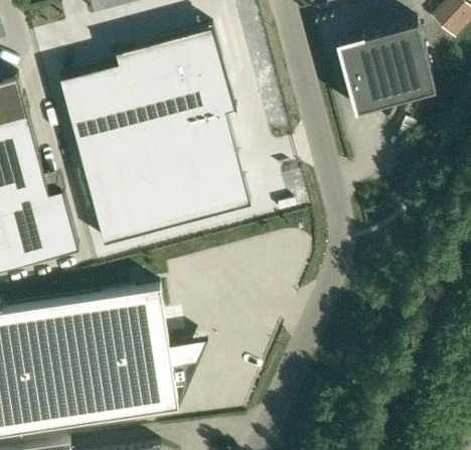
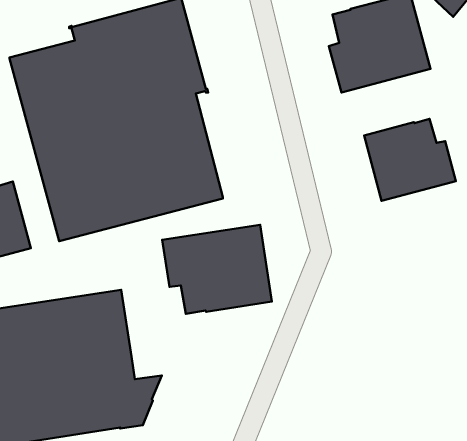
building: none -> [364,119,456,201]
building: none -> [162,225,272,314]

